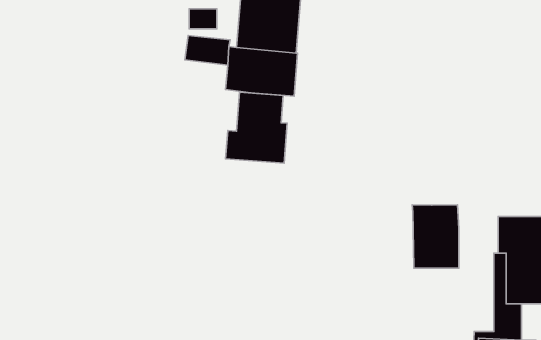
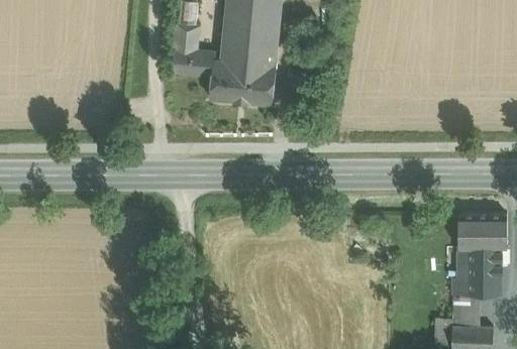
building: [226,92,287,163] -> none
building: [412,205,459,268] -> none

